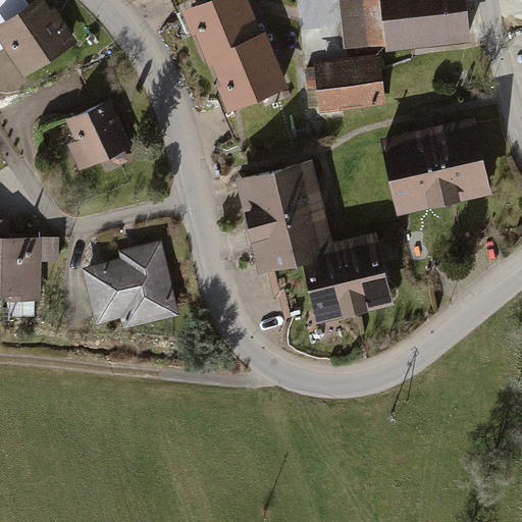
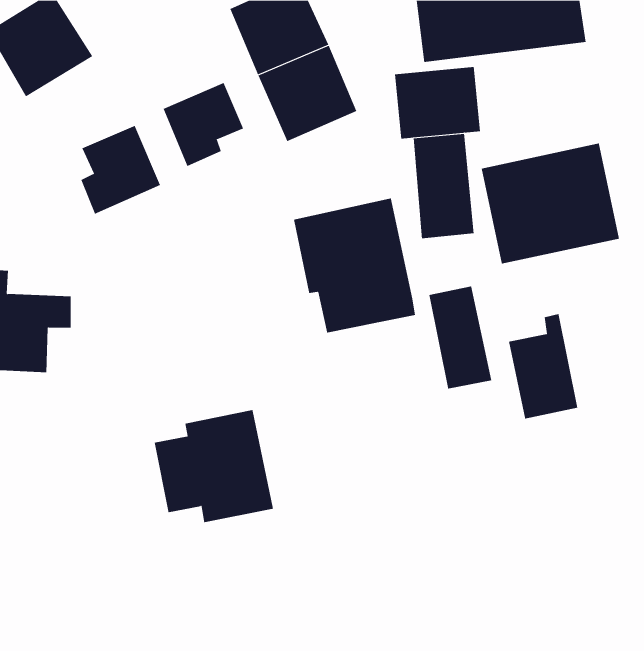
building: none -> [163,82,244,167]
building: none -> [413,133,474,239]
building: [302,237,358,321] -> [508,313,578,419]
building: [83,241,178,331] -> [154,409,274,523]

